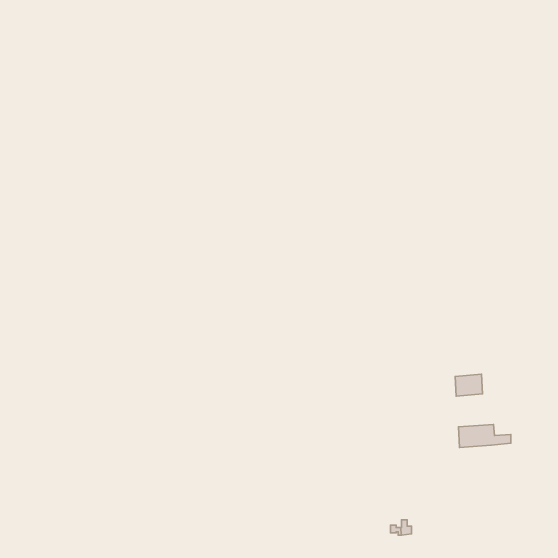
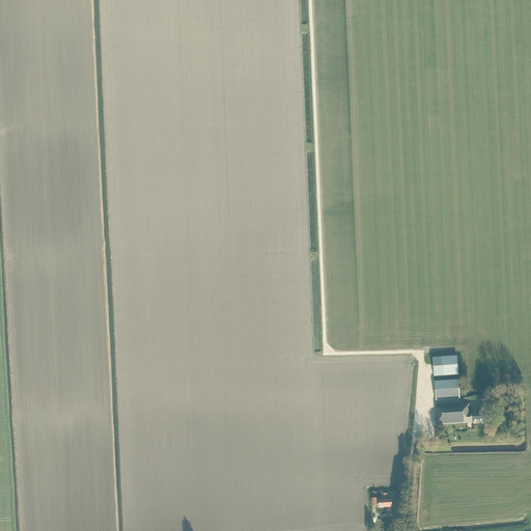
building: none -> [434,379,459,399]

